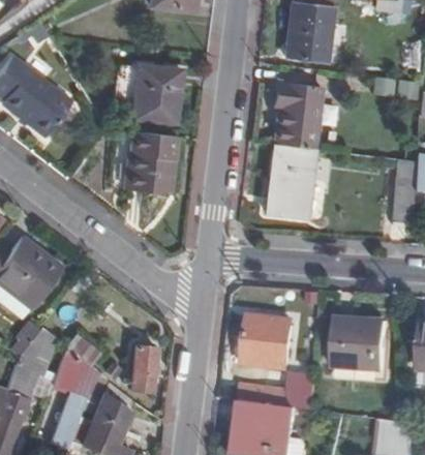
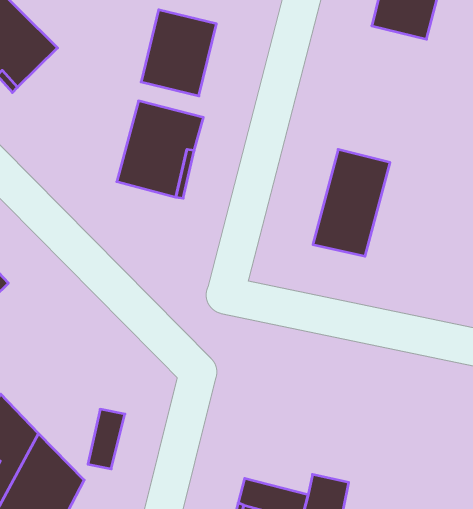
building: [275,85,320,151] -> none
building: [245,312,292,367] -> none
building: [332,318,388,372] -> none

